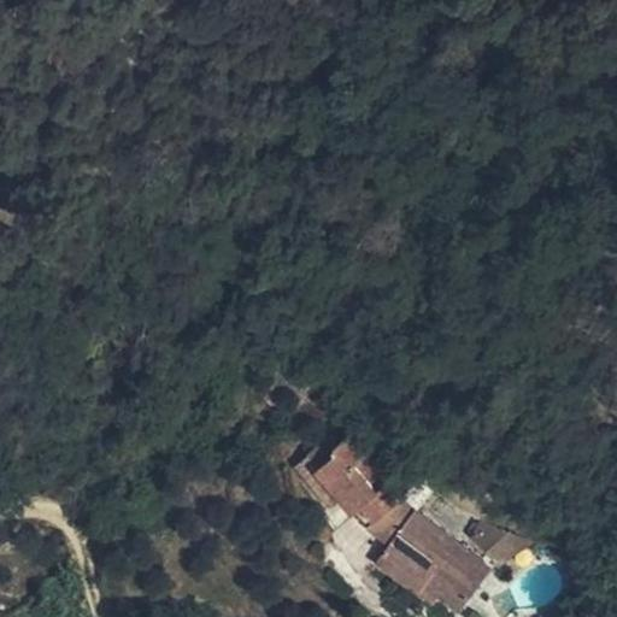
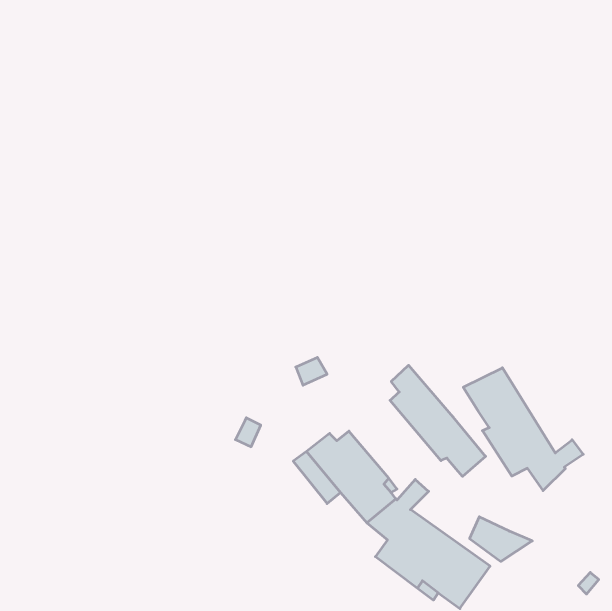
building: none -> [390,365,486,476]
building: none -> [463,368,583,491]

